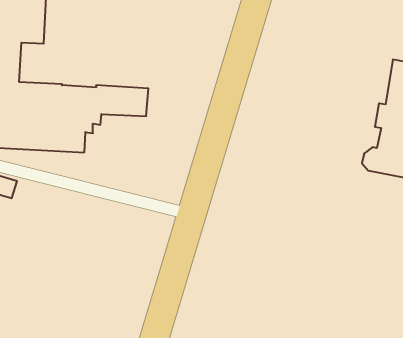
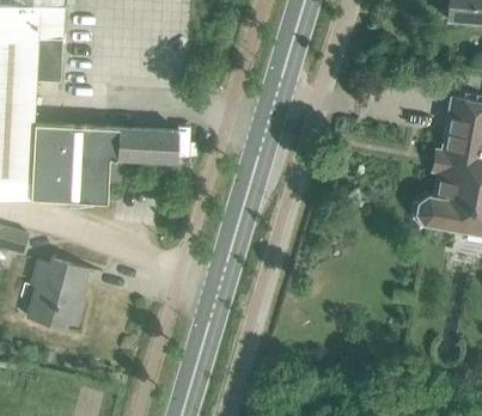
building: none -> [25,258,87,329]

